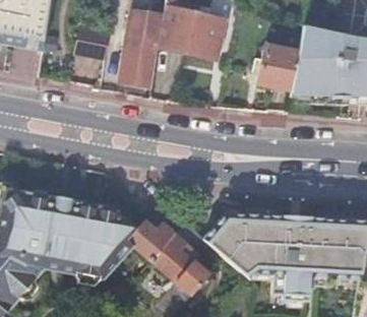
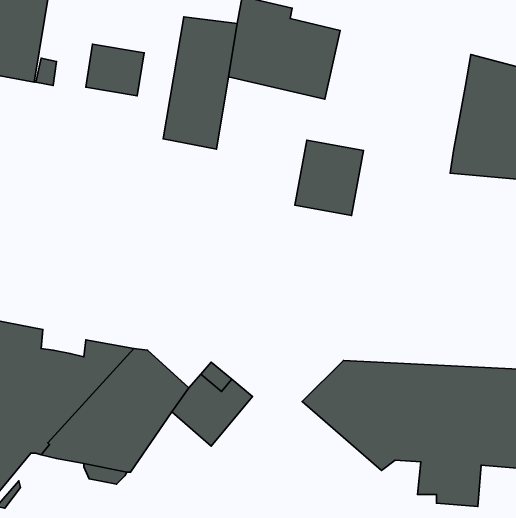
building: [259,45,300,89] -> [295,140,364,216]
building: [149,235,207,298] -> none

